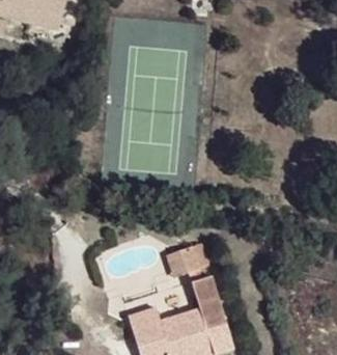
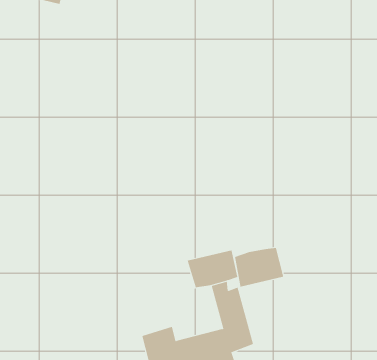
building: none -> [234,247,284,288]

